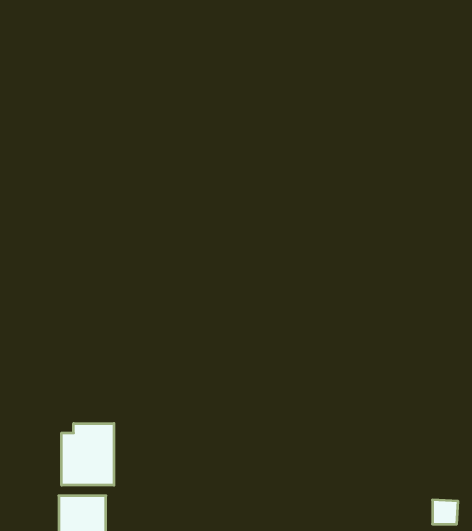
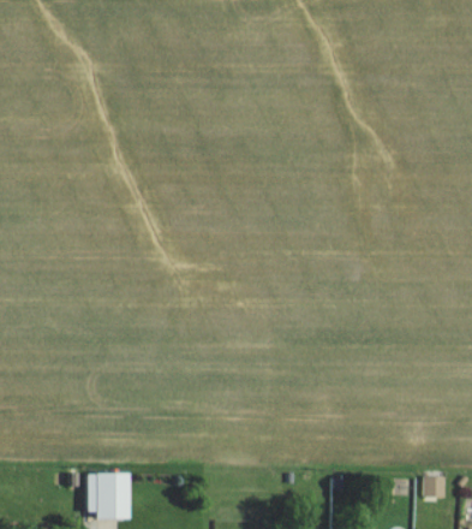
building: [62,423,114,485] -> none

